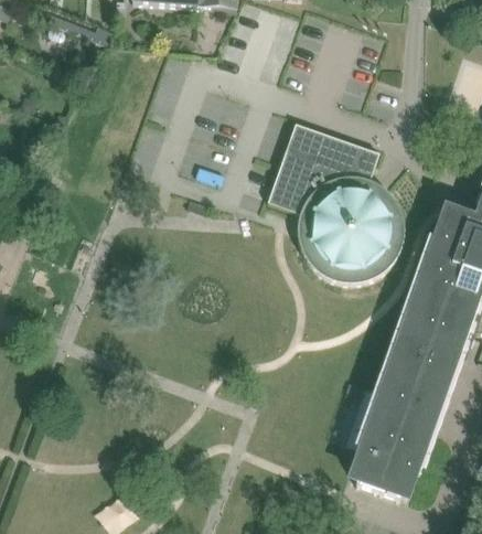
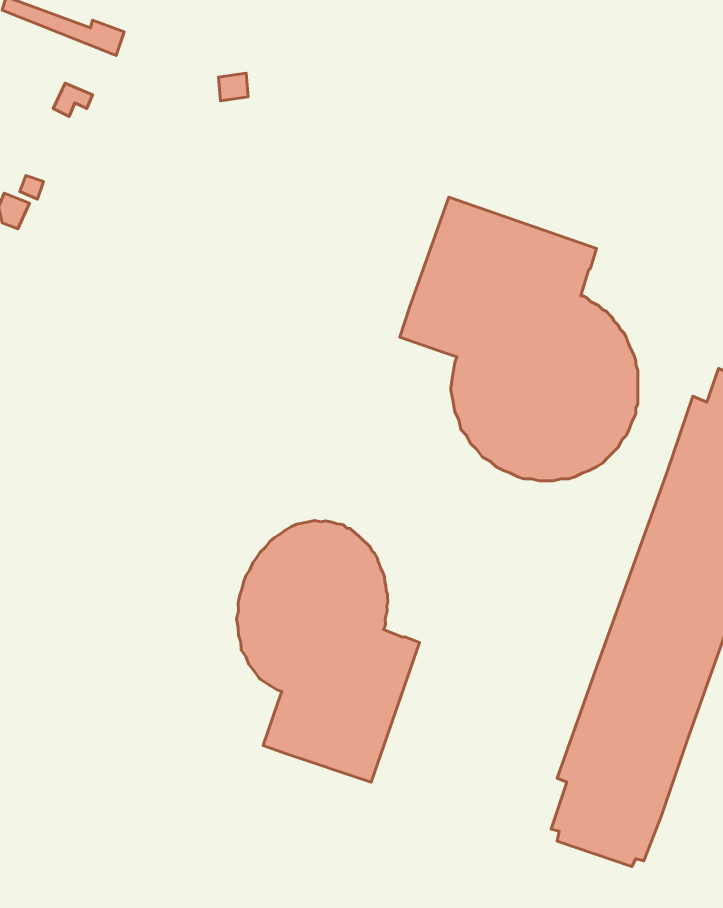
building: none -> [237,521,420,782]

